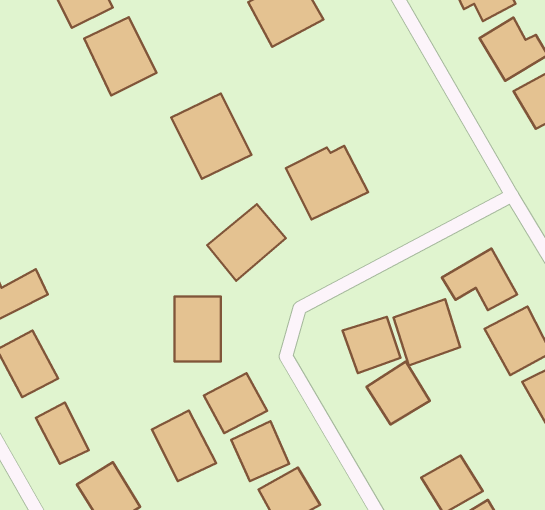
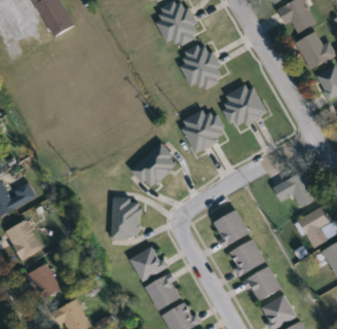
building: [84,17,157,95] -> none
building: [171,93,252,179] -> [177,40,225,92]
building: none -> [222,81,267,130]
building: [394,299,460,366] -> none
building: none -> [245,265,282,301]
building: [152,411,216,481] -> none

